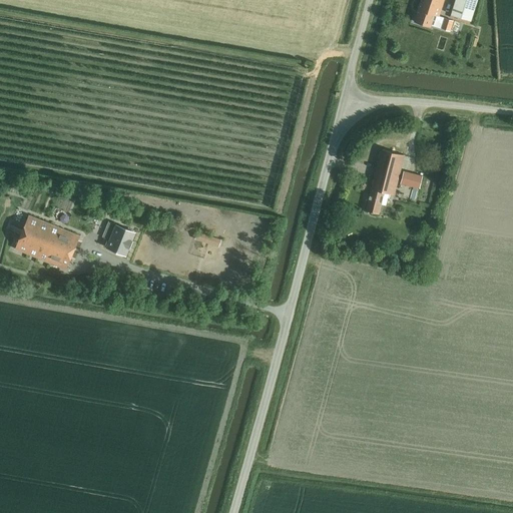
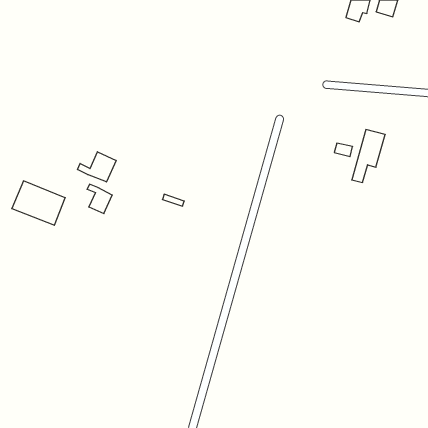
building: [365,149,405,212] -> [352,130,385,182]
building: none -> [78,152,116,182]

